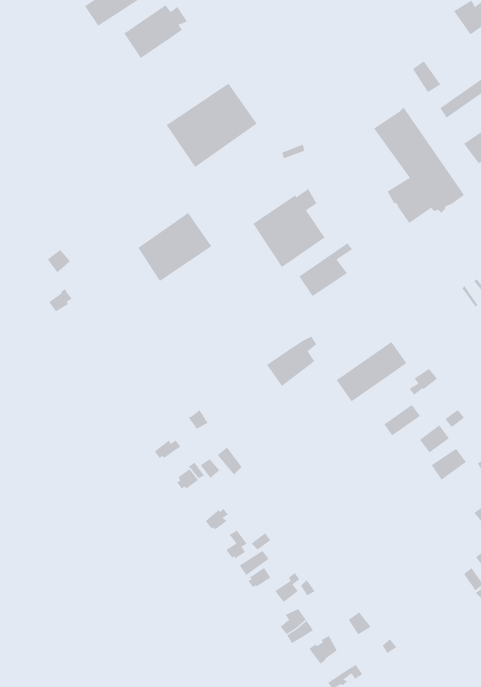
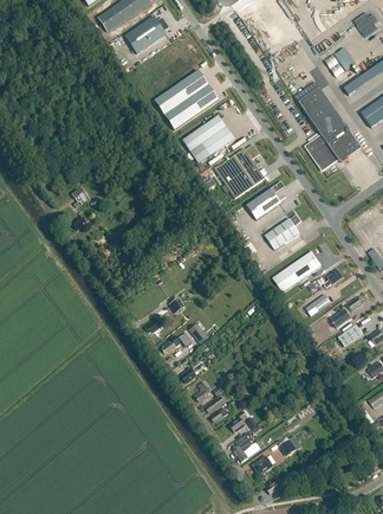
building: [138,212,212,282] -> [182,115,234,163]
building: [266,336,317,387] -> [265,214,300,250]

